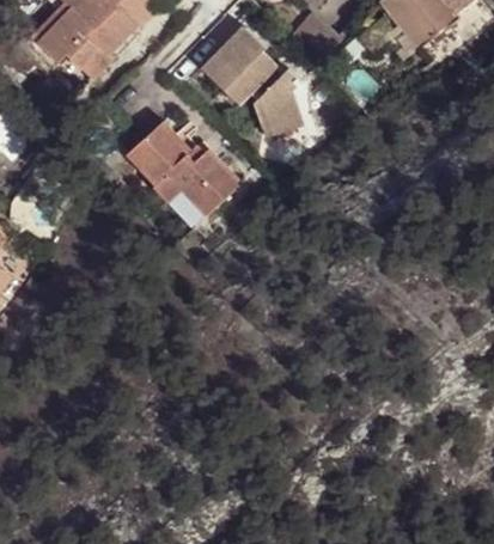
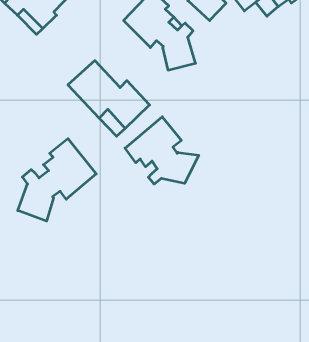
building: none -> [125,117,199,184]
building: none -> [18,139,96,221]

